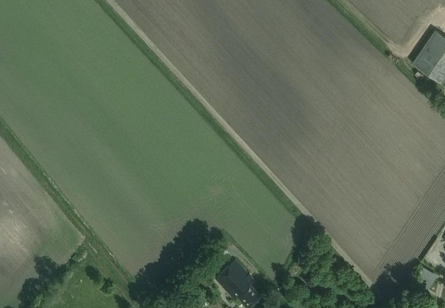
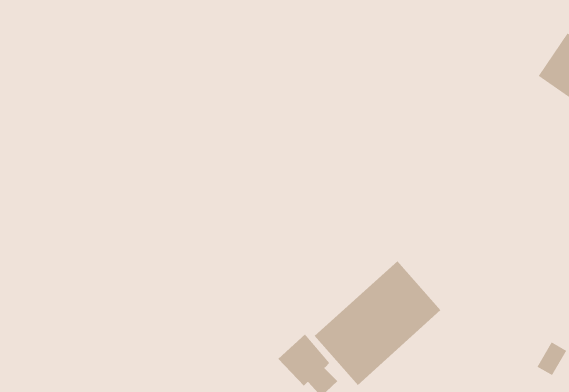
building: none -> [314,261,441,386]

